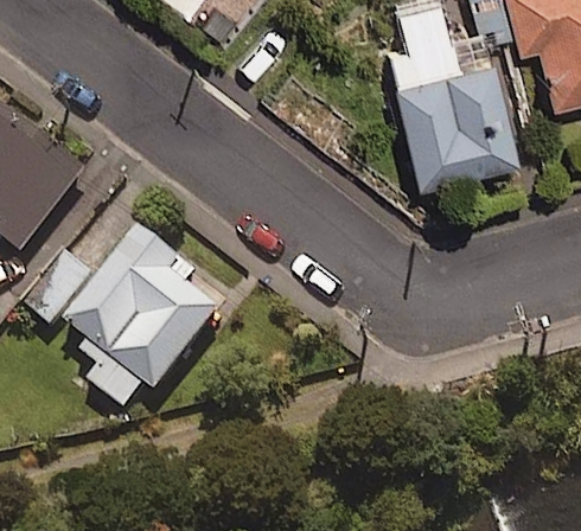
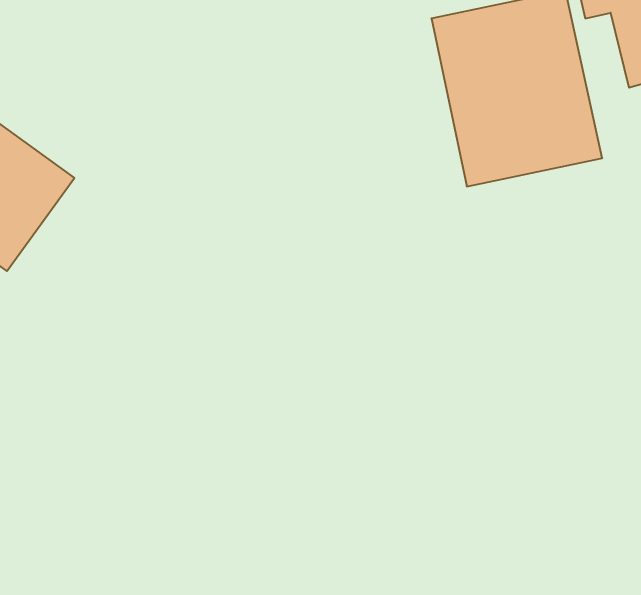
building: [76,224,240,389] -> none

